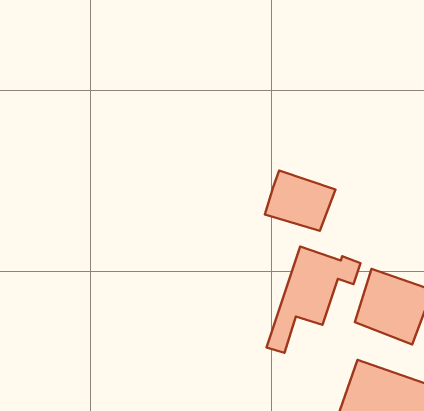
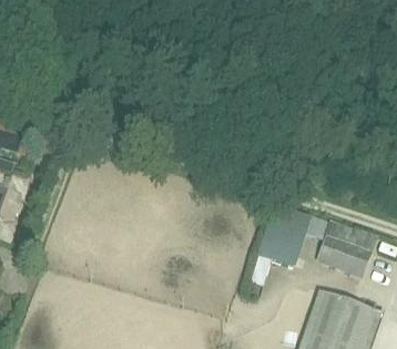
building: [265,171,335,231] -> none

